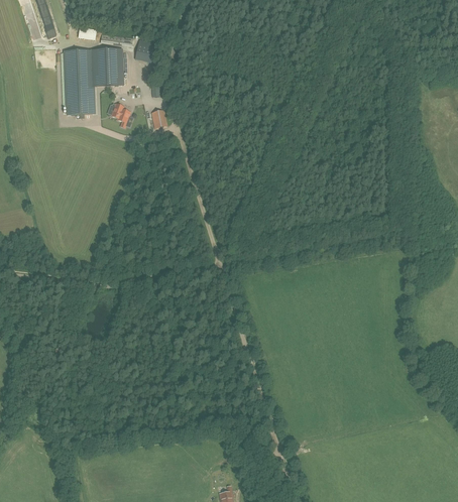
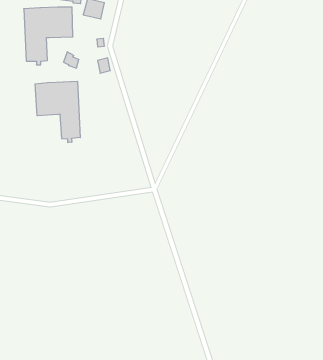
building: none -> [35,81,80,143]

